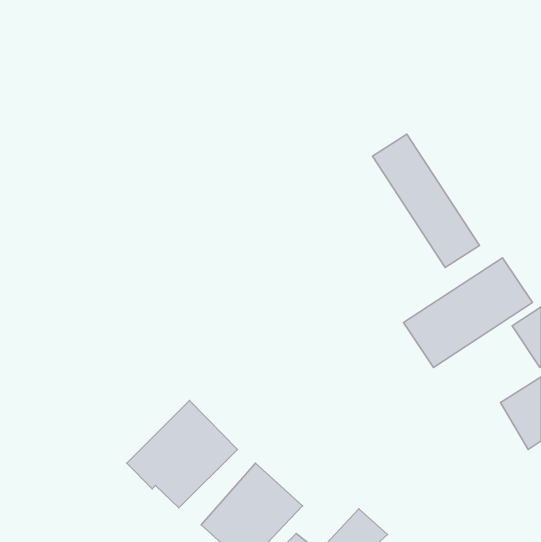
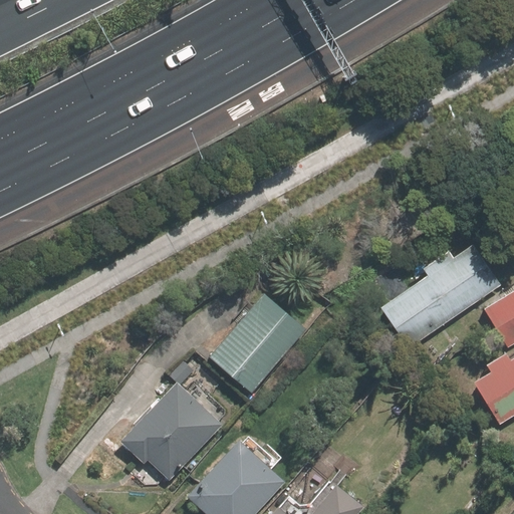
building: [372,134,480,267] -> none
building: none -> [210,294,306,393]

